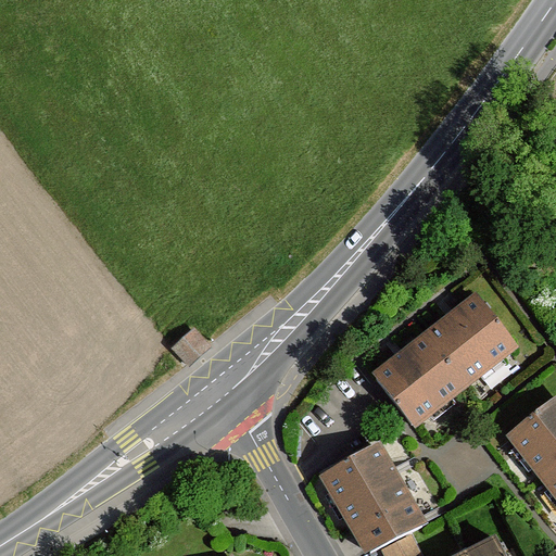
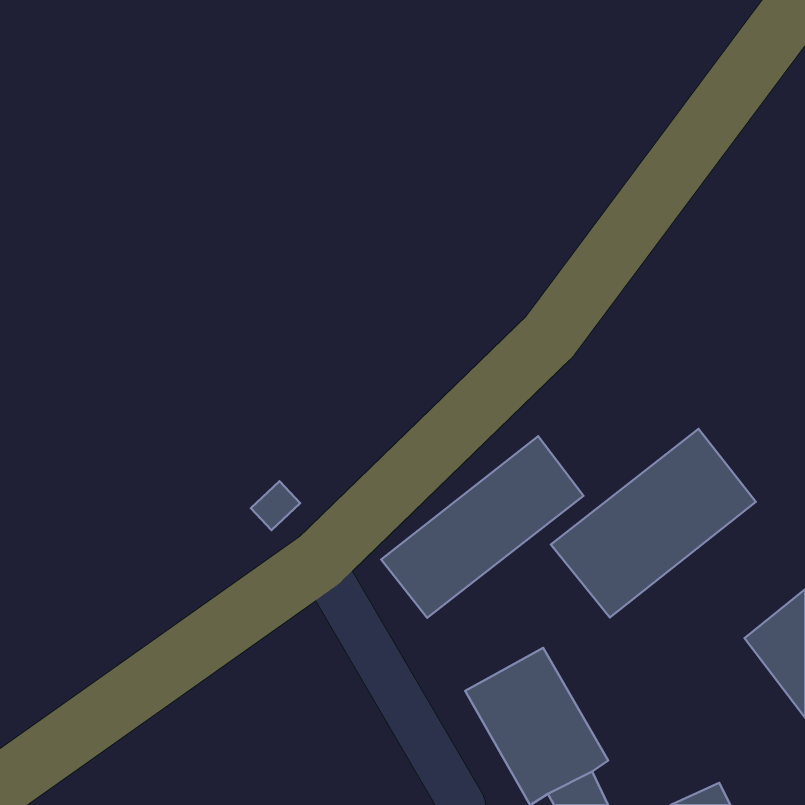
building: none -> [381,436,584,618]

